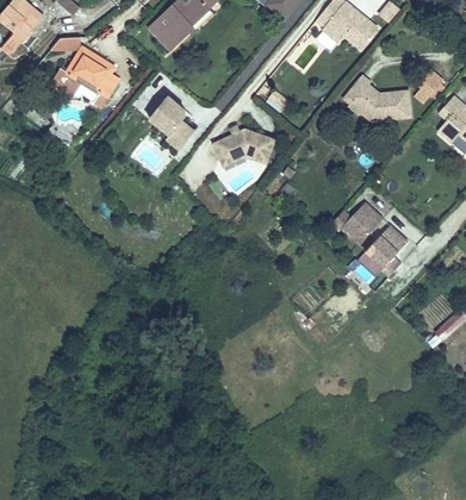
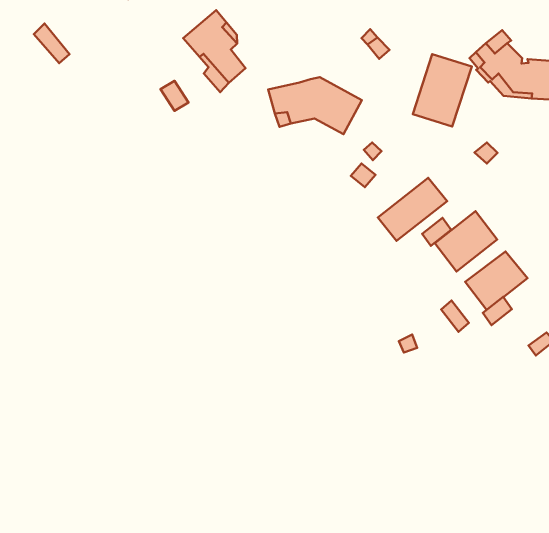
building: none -> [413,54,472,126]
building: none -> [378,178,447,241]

